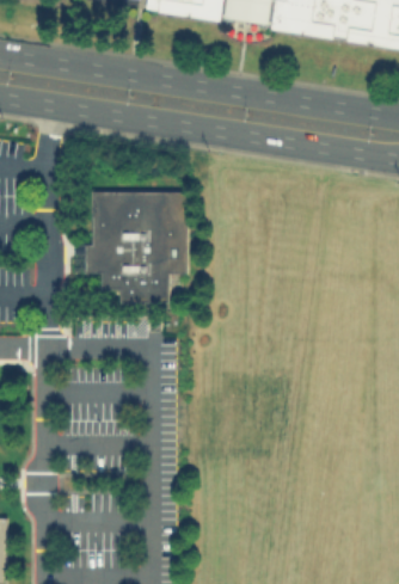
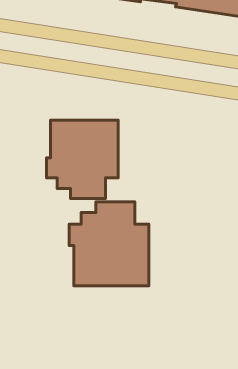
building: none -> [69,202,149,286]

